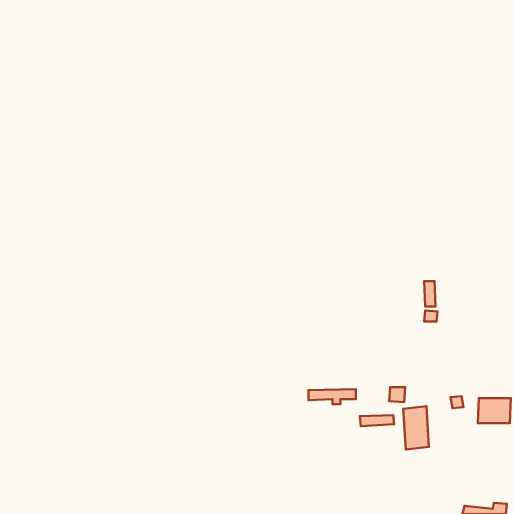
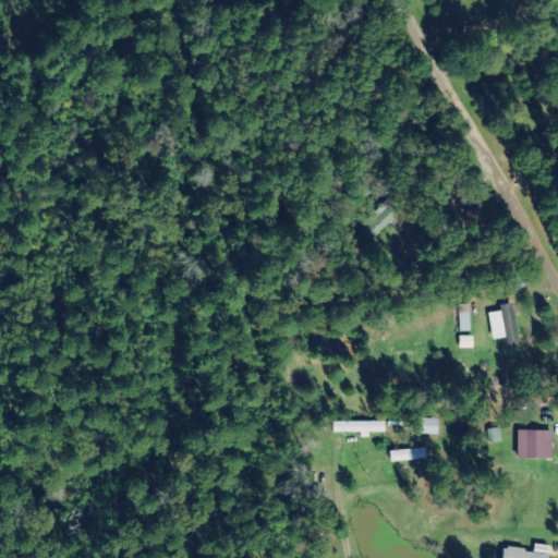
building: none -> [489,303,517,342]
building: [403,406,429,450] -> none

